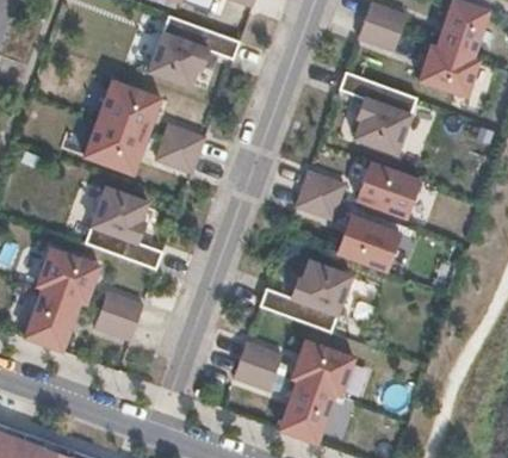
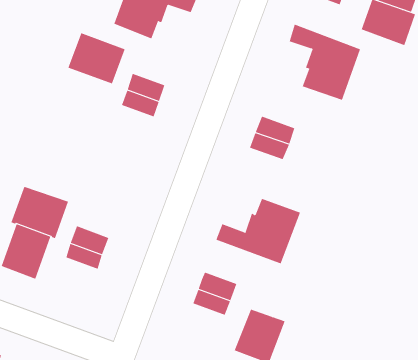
building: [85,119,147,174] -> none
building: [357,163,420,218] -> none
building: [85,186,163,268] -> none
building: [337,216,401,272] -> none
building: [291,340,355,397] -> none

